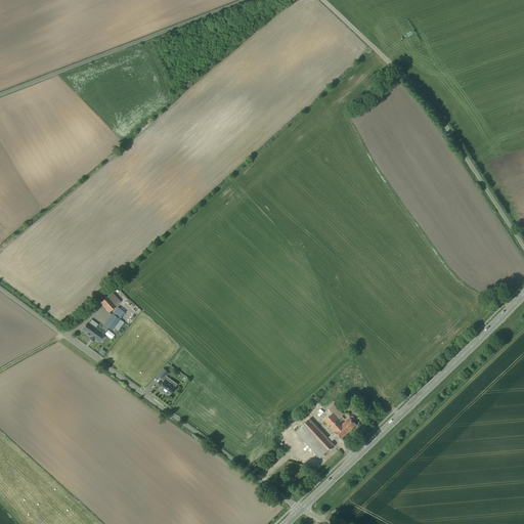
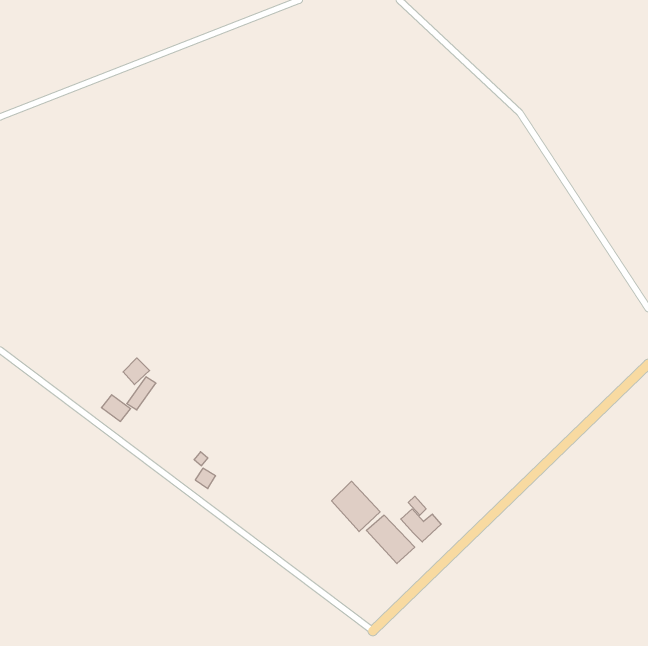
building: none -> [332,481,380,532]

